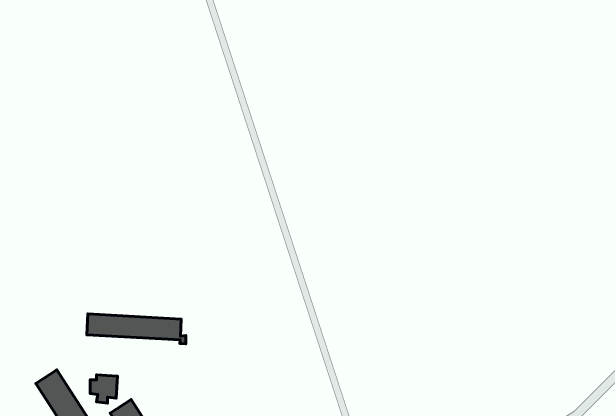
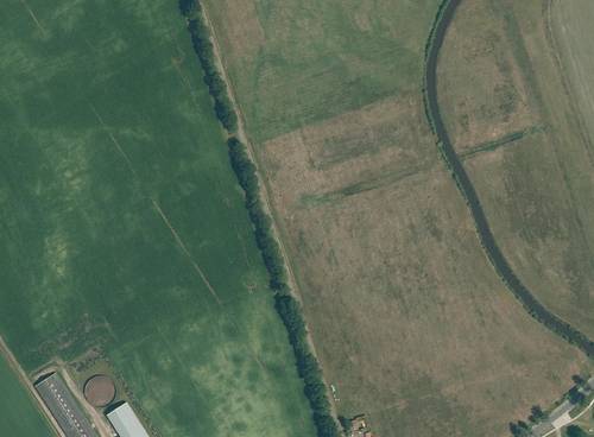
building: [87,314,186,344] -> none

